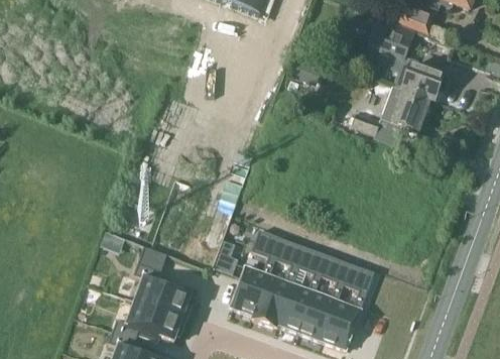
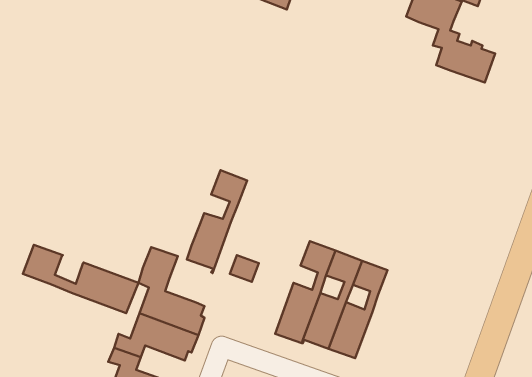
building: [346,85,435,145] -> none
building: [231,229,283,319] -> [187,170,247,273]
building: none -> [23,245,138,313]
building: [323,263,375,349] -> none

